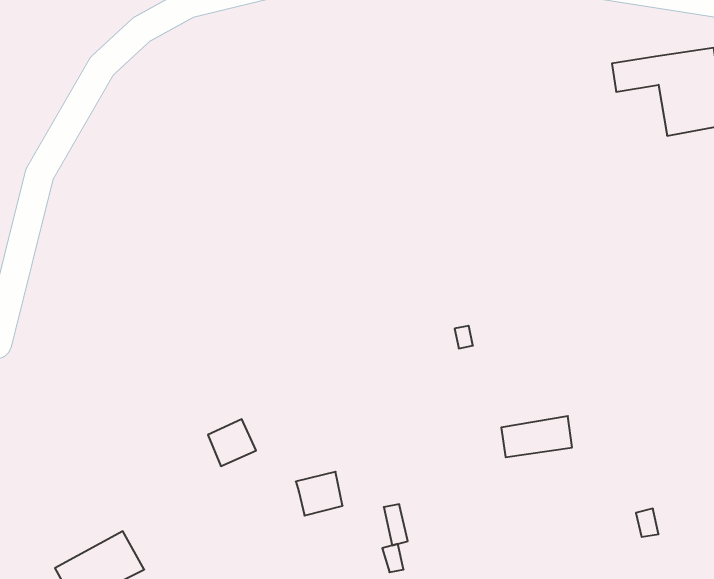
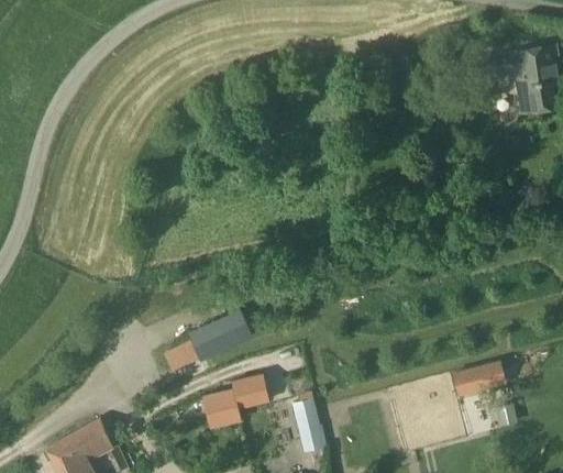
building: none -> [203,311,250,353]
building: [501,416,572,457] -> [455,362,510,394]
building: none -> [205,390,243,428]

